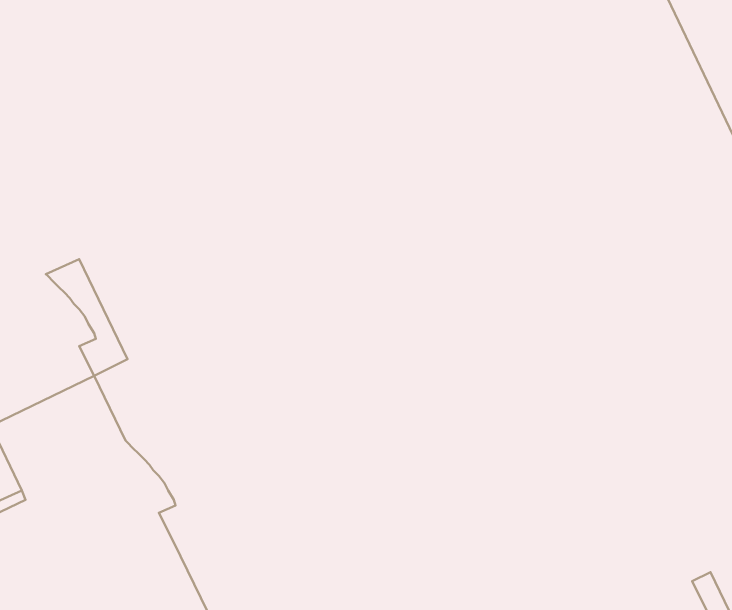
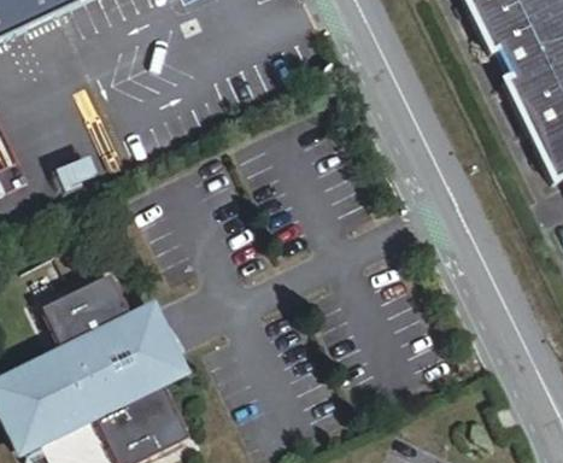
building: [46,259,127,376] -> [128,305,181,381]

